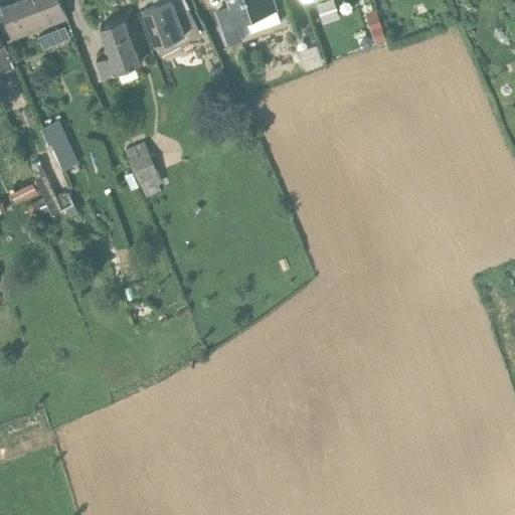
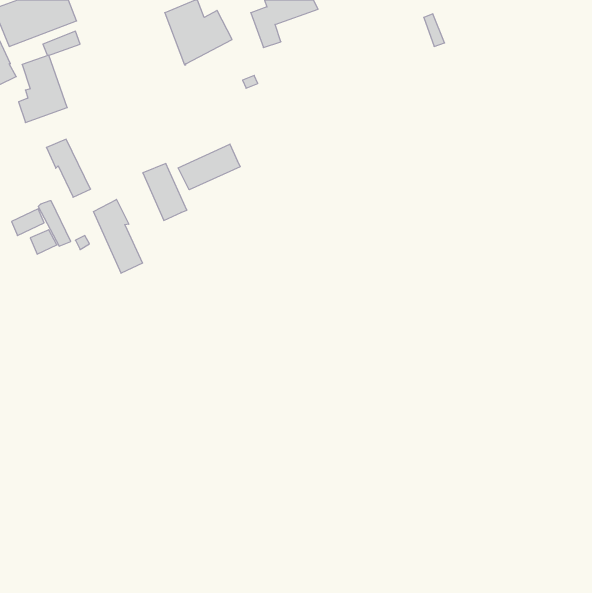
building: [97,18,139,76] -> [19,55,67,123]
building: none -> [178,144,240,190]
building: none -> [93,199,142,273]

